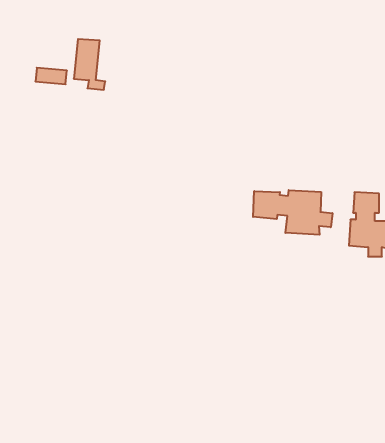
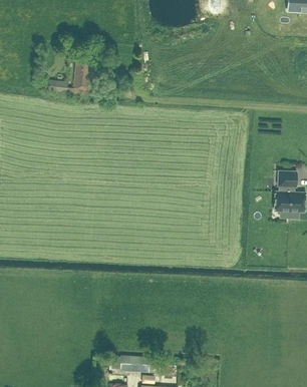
building: [253,190,332,235] -> none

